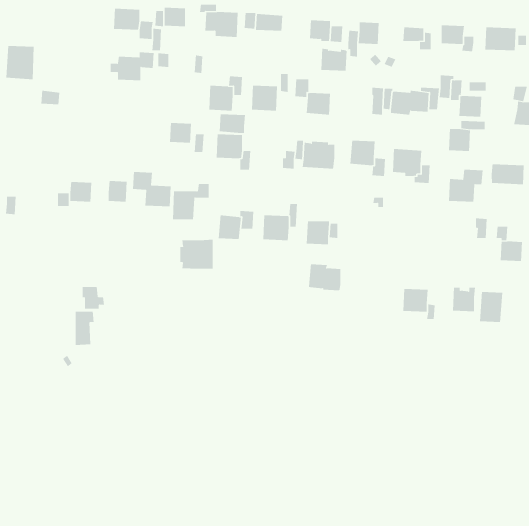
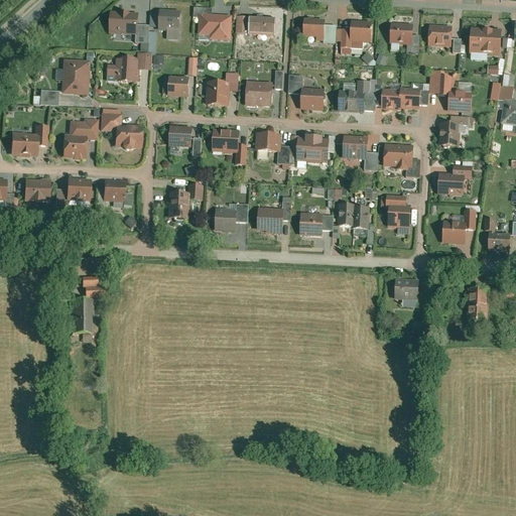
building: [5,46,34,80] -> [62,56,91,90]
building: [320,48,347,71] -> [337,91,363,113]
building: none -> [169,72,190,92]
building: [219,114,246,134] -> [253,134,279,153]
building: none -> [63,116,99,154]
building: none -> [11,120,50,153]
building: [491,164,524,185] -> none
building: [132,172,171,207] -> [103,110,141,144]
building: none -> [27,177,50,198]
building: none -> [384,197,408,229]
building: [180,239,213,270] -> none
building: [308,264,341,291] -> [336,205,368,231]
building: [452,287,476,312] -> [441,222,465,246]

